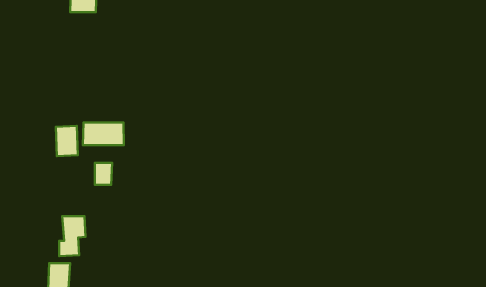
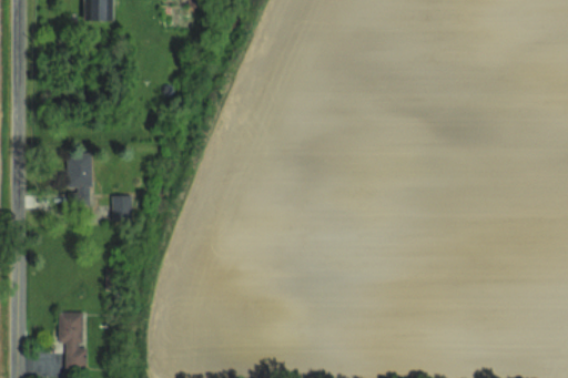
building: [83,122,124,145] -> none
building: [59,216,85,256] -> none

